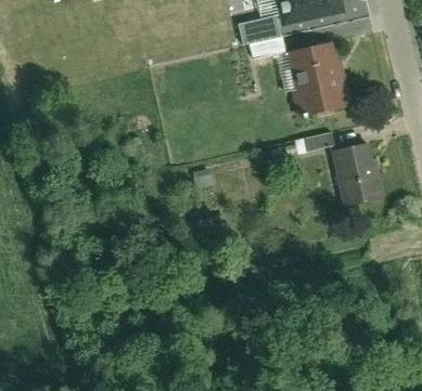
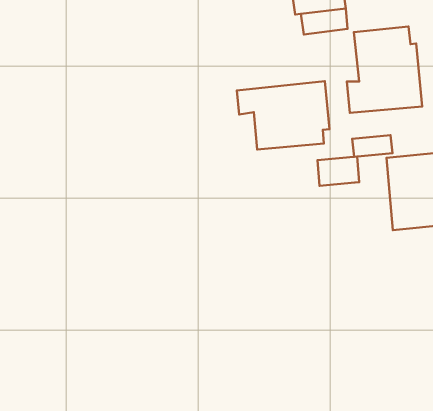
building: none -> [237,81,330,150]
building: none -> [317,156,359,186]

